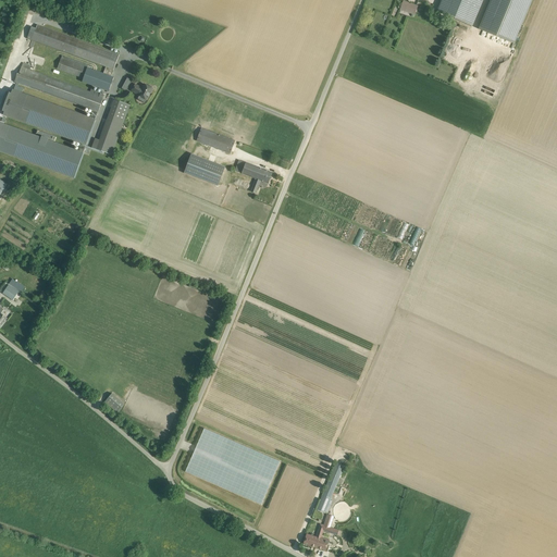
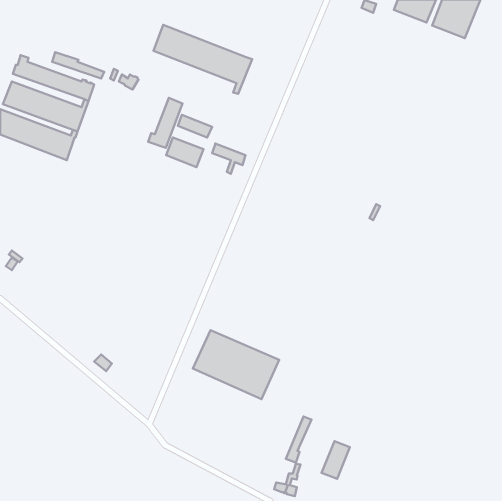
building: [27,24,120,75] -> none
building: none -> [153,25,252,94]
building: [91,98,129,153] -> [148,98,182,148]
building: [185,429,281,505] -> [193,330,279,399]
building: none -> [322,441,350,479]

